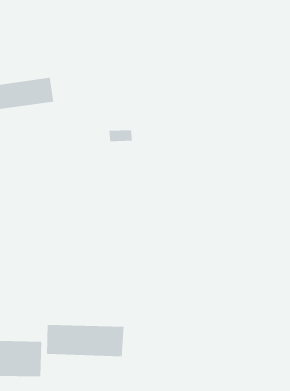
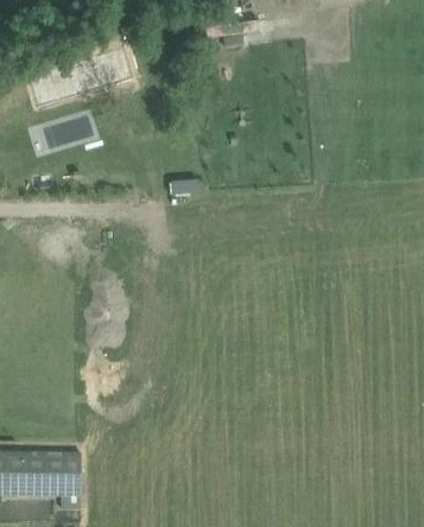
building: [46,324,124,357] -> none

